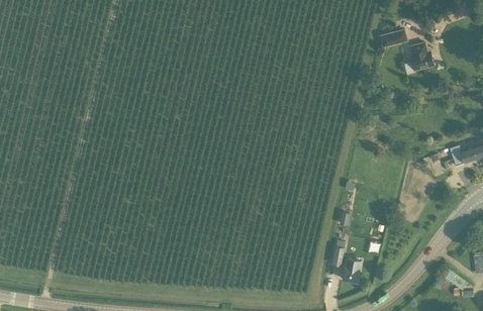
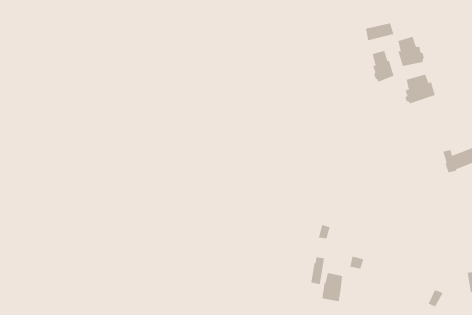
building: none -> [372,50,394,82]
building: none -> [405,74,435,104]

